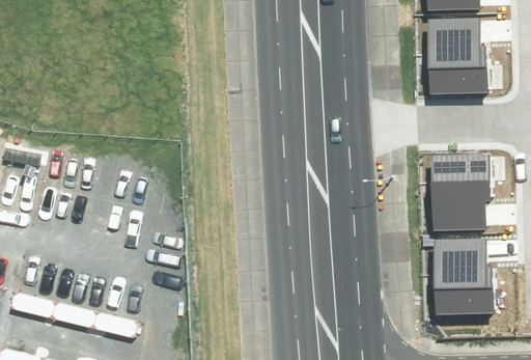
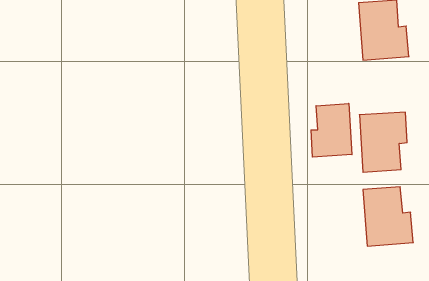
building: none -> [311,103,352,157]

